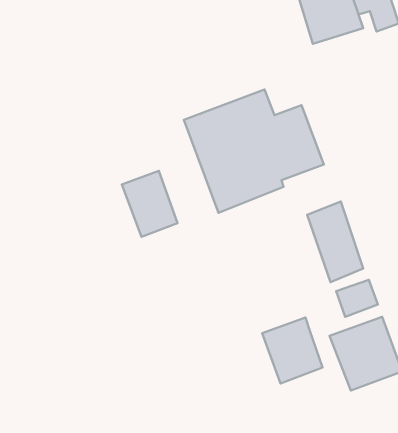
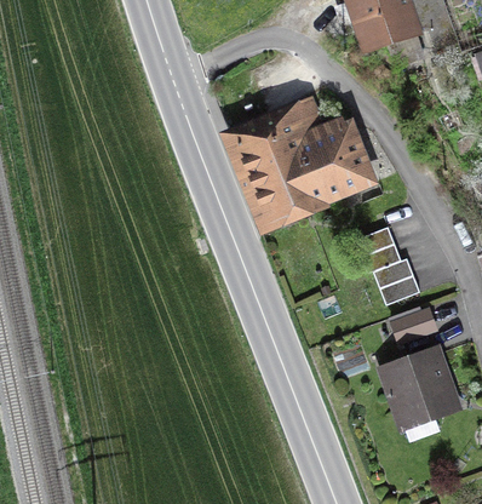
building: [122,171,177,237] -> none
building: [262,318,323,383] -> none

